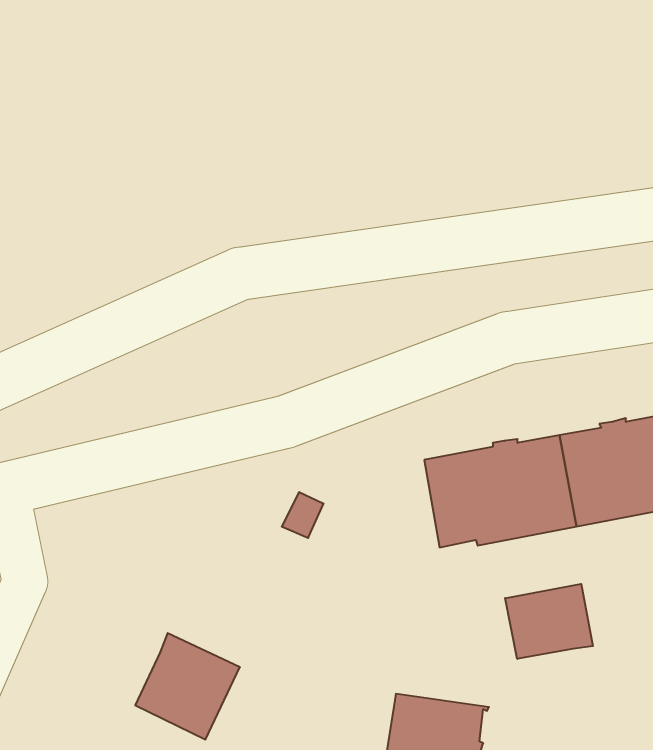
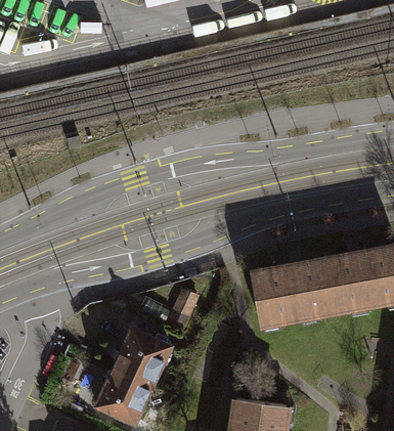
building: none -> [113,328,170,384]
building: [505,584,593,659] -> none

